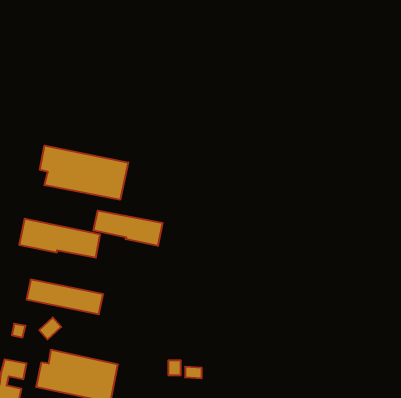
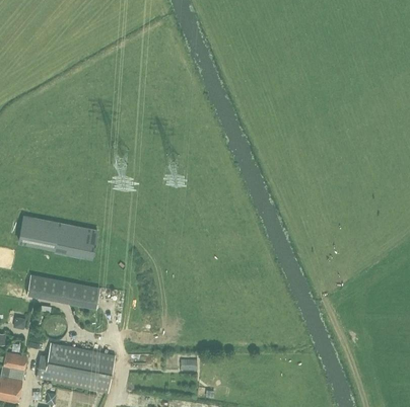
building: [40,146,128,200] -> none
building: [93,211,163,246] -> none

